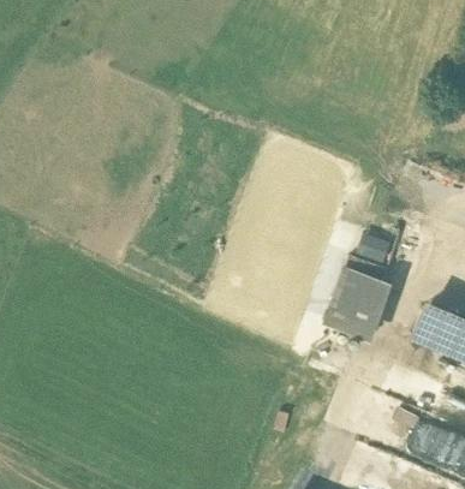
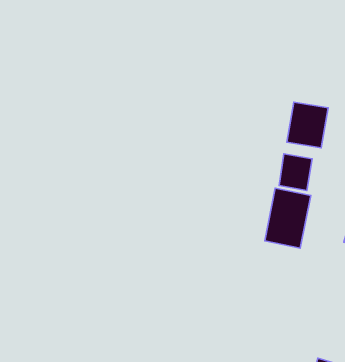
building: none -> [287,102,328,148]

